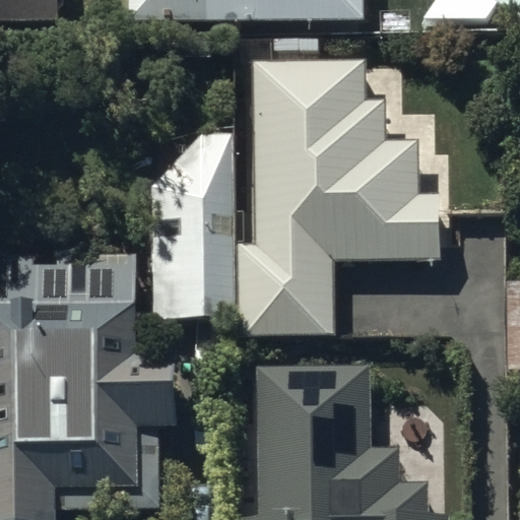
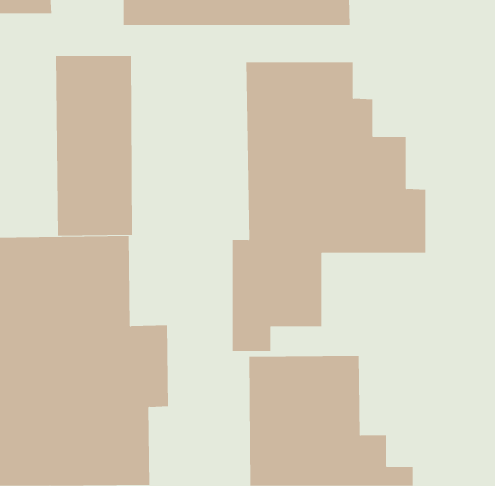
building: [147,124,228,311] -> [55,56,133,236]

